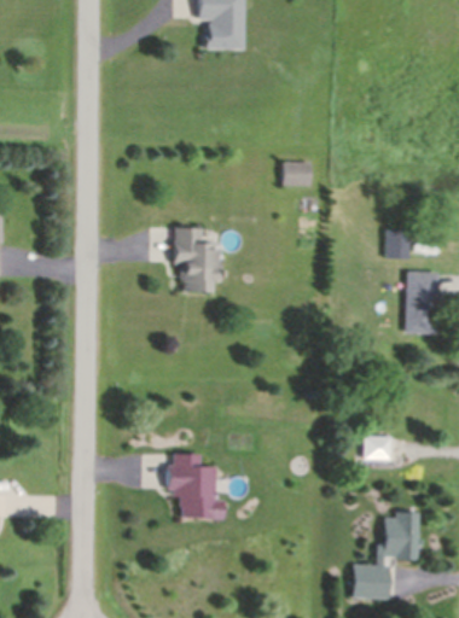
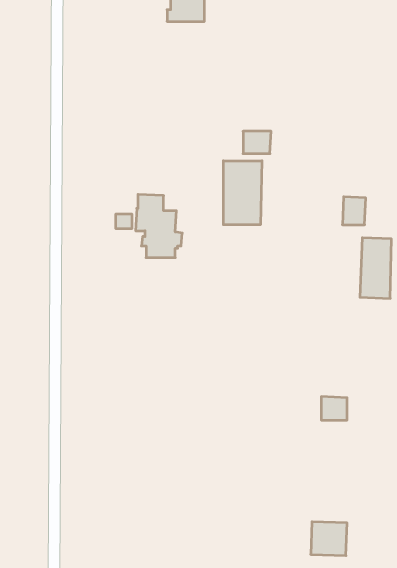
building: none -> [223,161,262,225]
building: [167,454,223,518] -> none
building: [378,511,420,559] -> none

